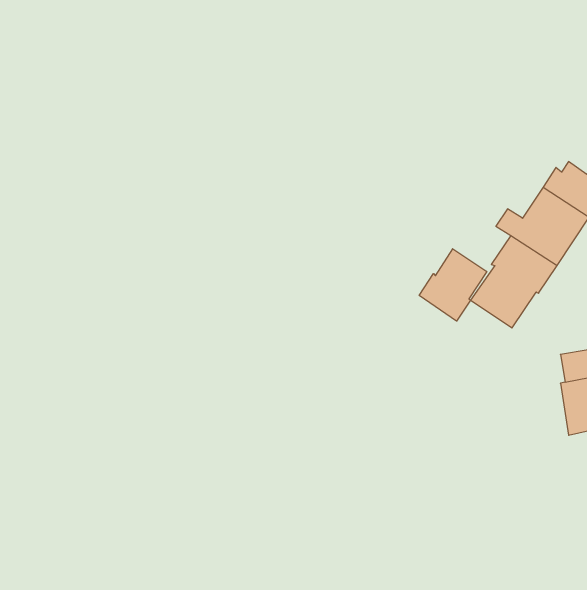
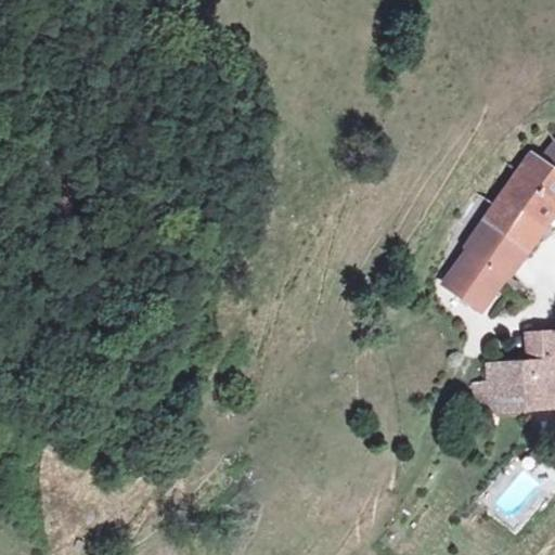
building: [419,249,487,321] -> none
building: none -> [477,360,537,417]

